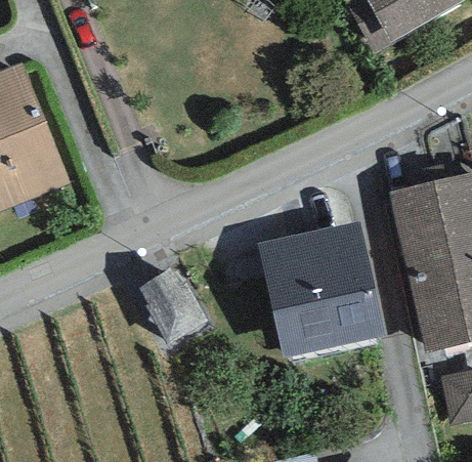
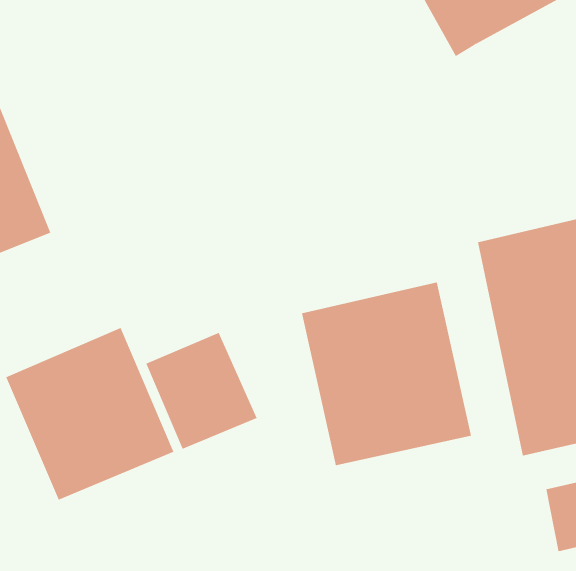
building: none -> [6,327,174,501]

